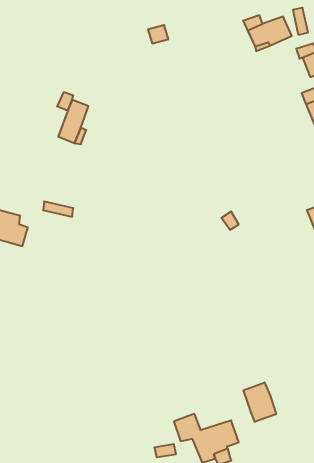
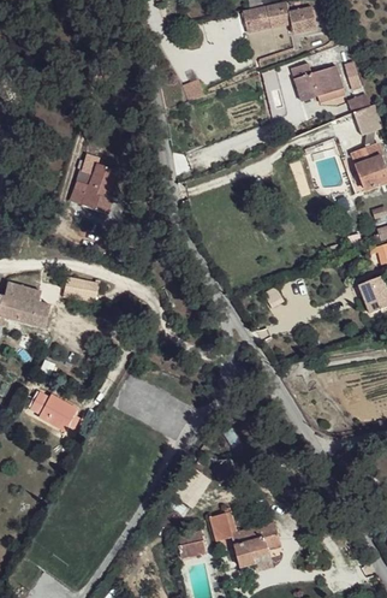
building: none -> [34,391,79,430]
building: [243,382,276,422] -> none

